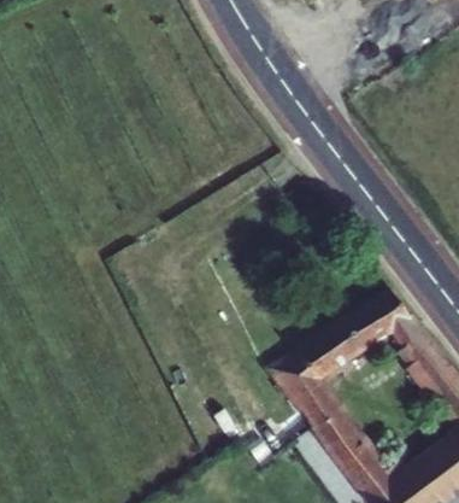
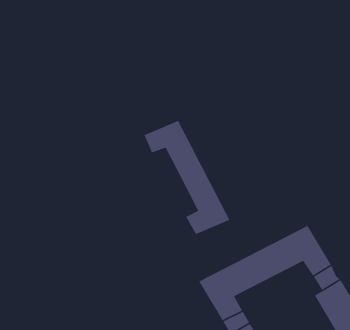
building: none -> [143,120,230,235]

